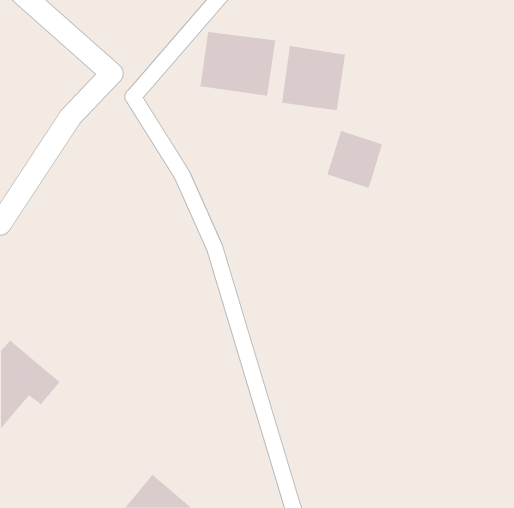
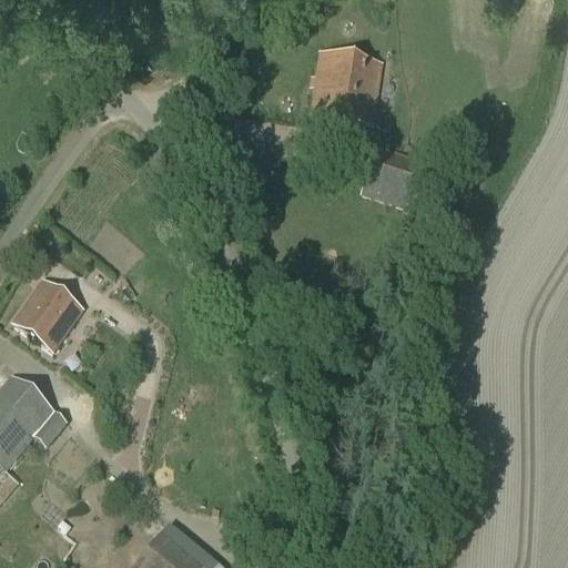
building: [200,31,276,97] -> none
building: none -> [11,276,84,351]

